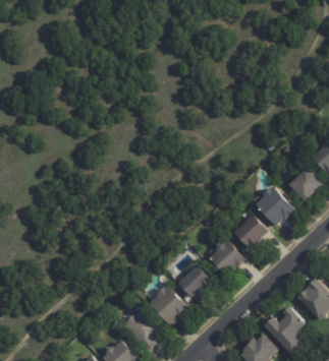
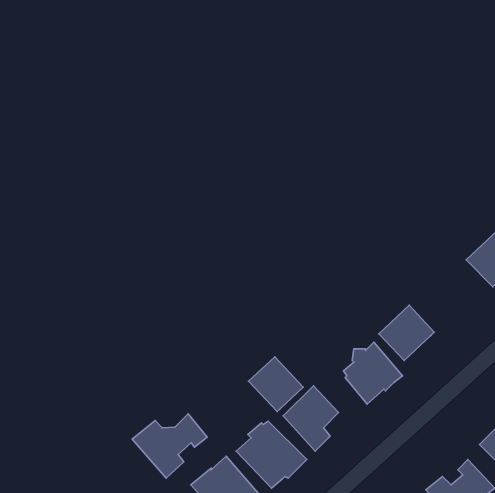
building: [251,187,296,227] -> none
building: none -> [248,357,303,412]
building: none -> [132,414,207,478]

